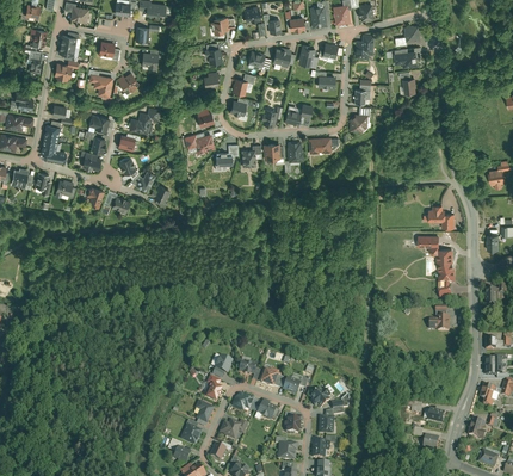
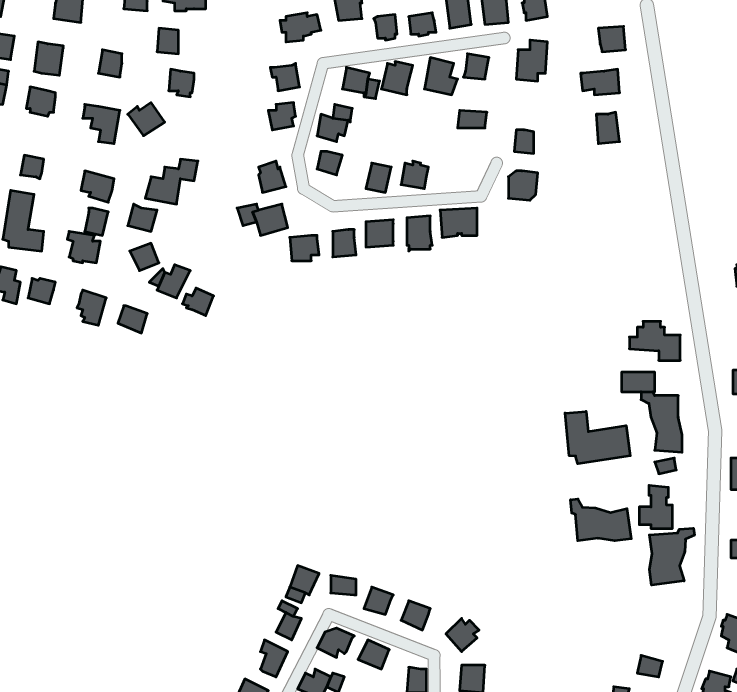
building: none -> [565,411,630,464]
building: none -> [571,499,631,541]
building: none -> [649,528,694,585]

